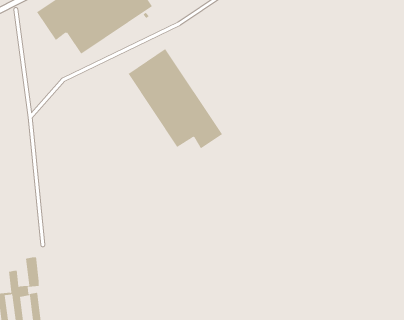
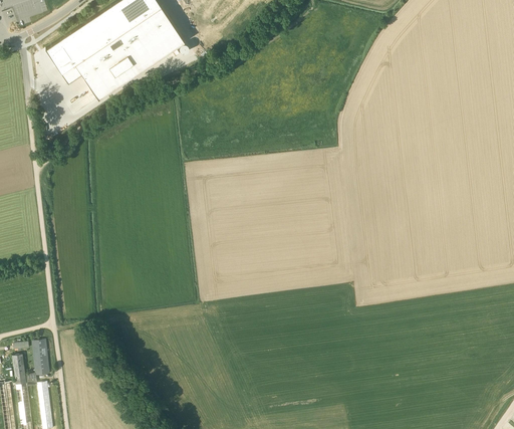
building: [128,48,223,149] -> none

